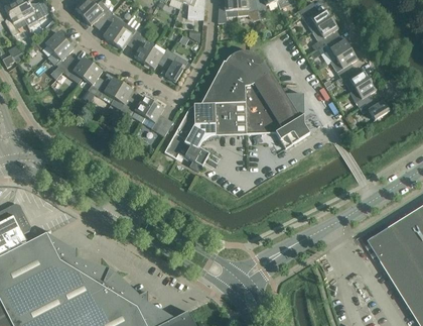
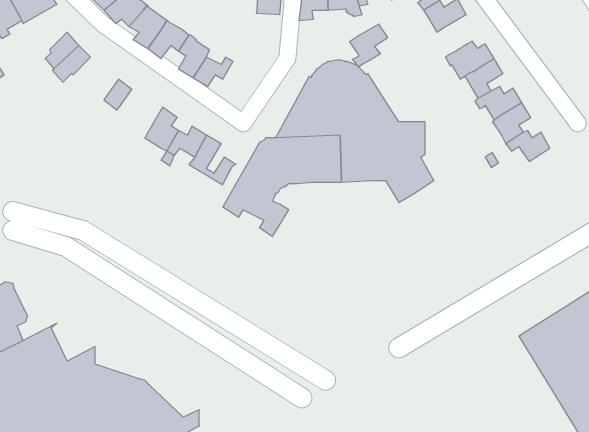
building: [311,19,337,48] -> [350,24,388,67]
building: [164,51,187,82] -> none
building: [62,57,93,84] -> none
building: [95,78,123,104] -> none

